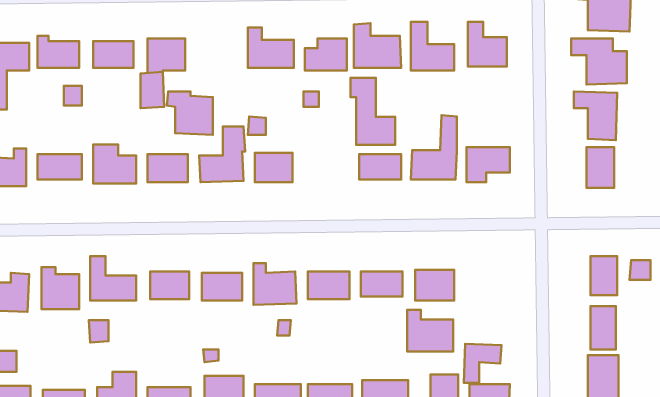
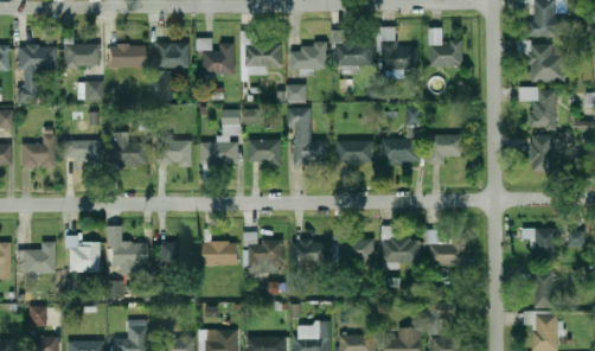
building: [351,78,395,145] -> [288,108,326,165]
building: [167,91,213,135] -> [194,39,233,76]
building: [407,310,453,352] -> [427,230,466,266]

